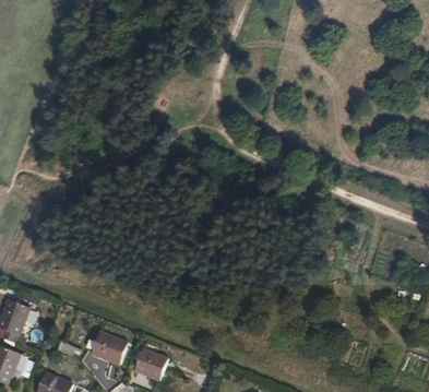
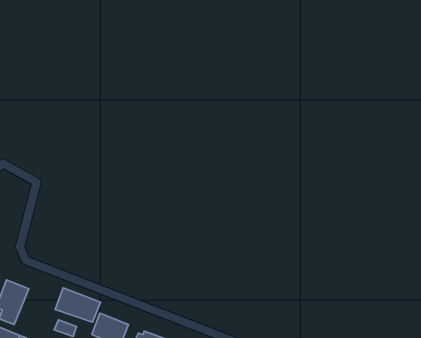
building: none -> [55,288,101,322]

